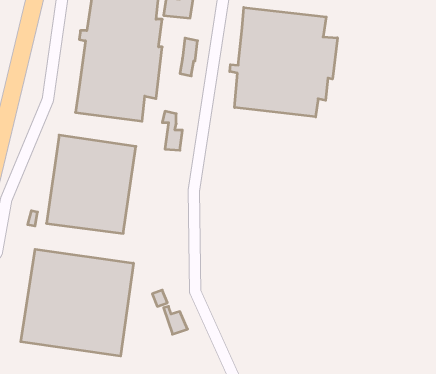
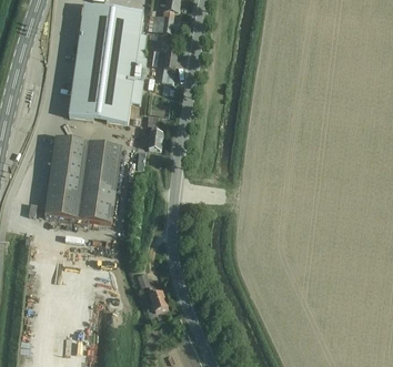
building: [230,7,337,117] -> none
building: [21,249,133,356] -> none

